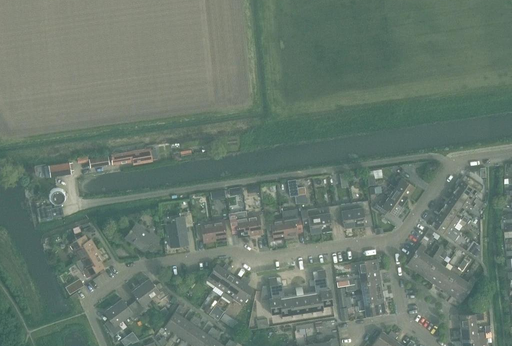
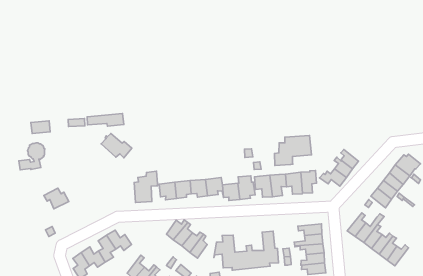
building: none -> [274,135,312,166]
building: [125,225,159,251] -> [101,133,132,158]
building: [75,250,102,276] -> none

